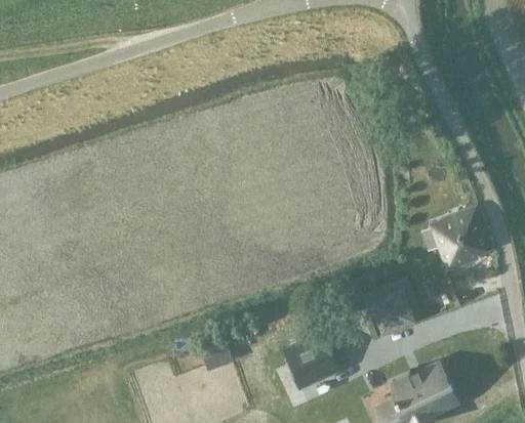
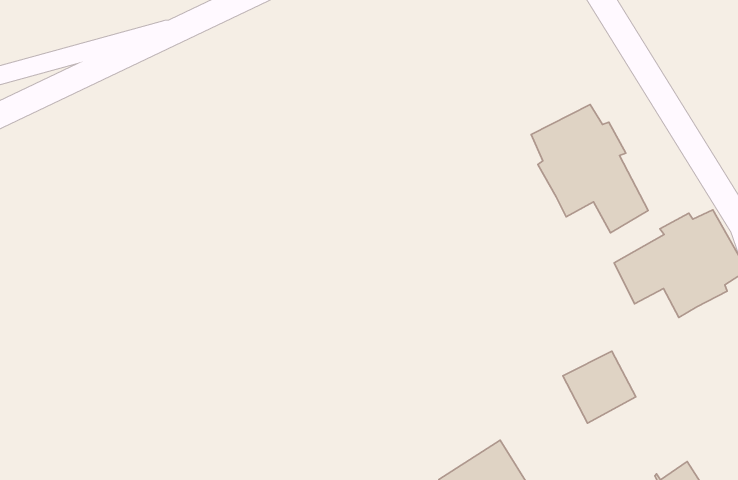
building: none -> [531,104,648,233]

